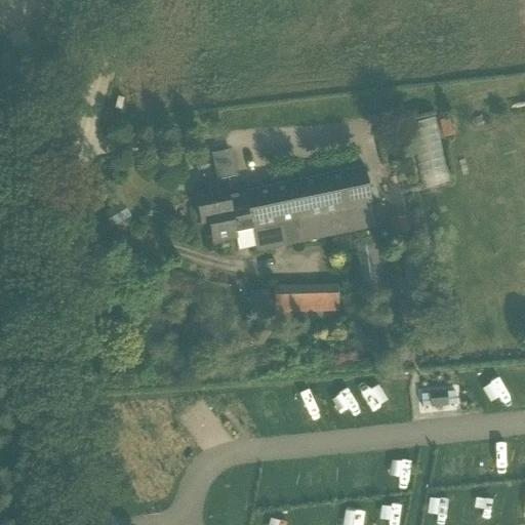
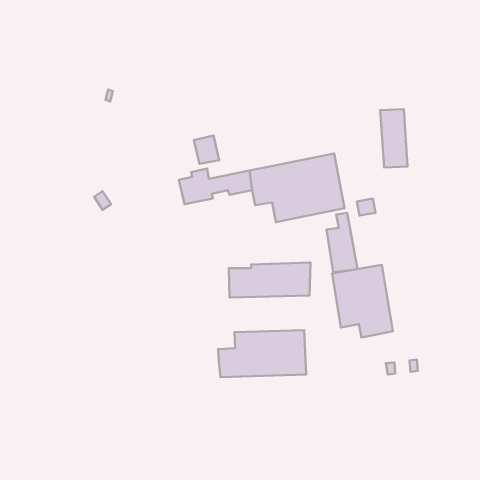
building: [202,207,301,251] -> none
building: none -> [332,265,393,337]
building: none -> [218,330,306,377]

